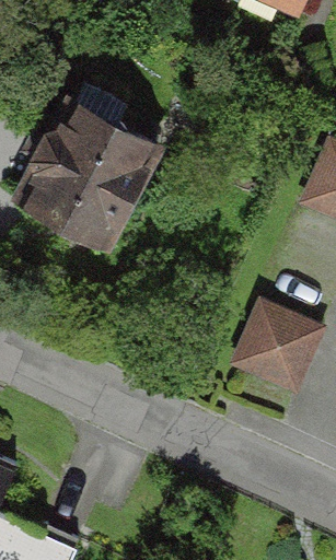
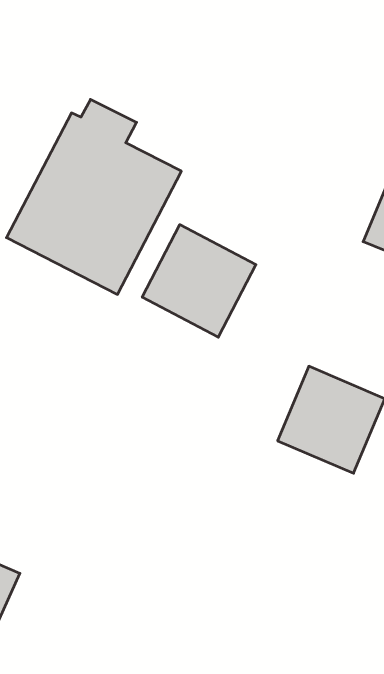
building: none -> [142,225,256,337]

